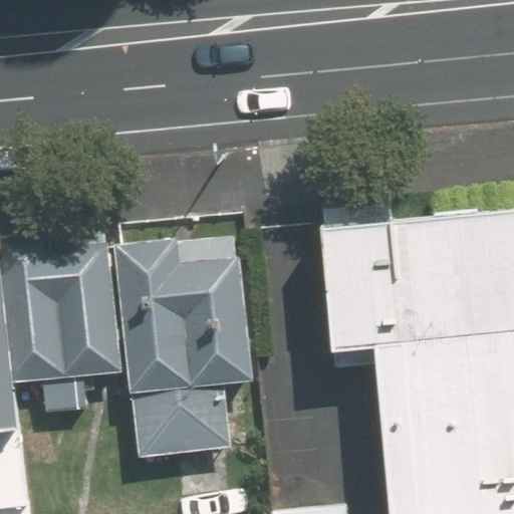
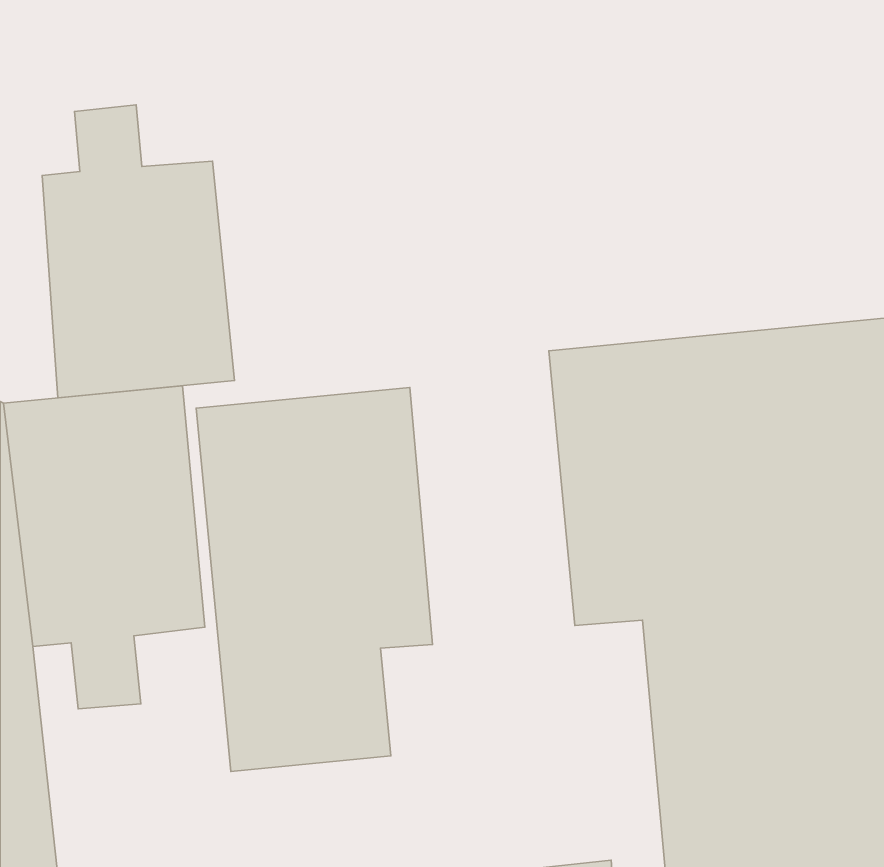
building: none -> [42,105,235,398]

